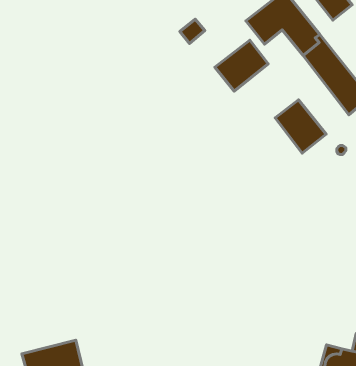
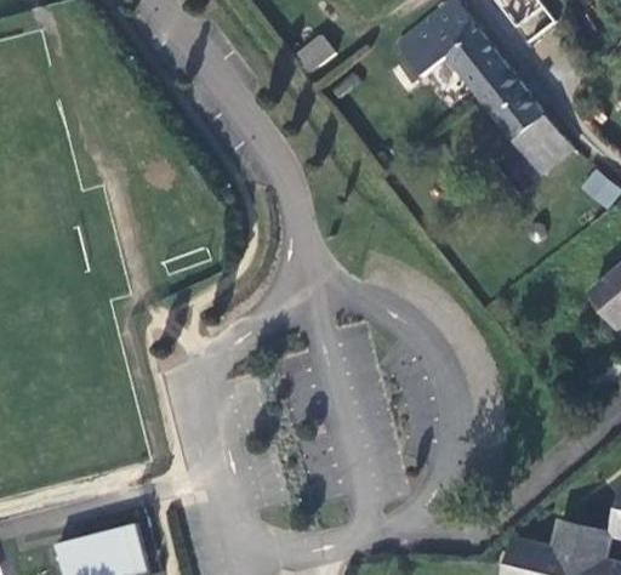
building: [215,40,268,91] -> none
building: [275,100,326,153] -> none

